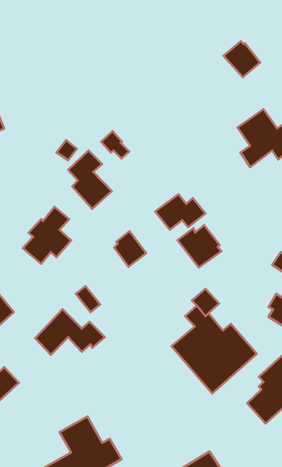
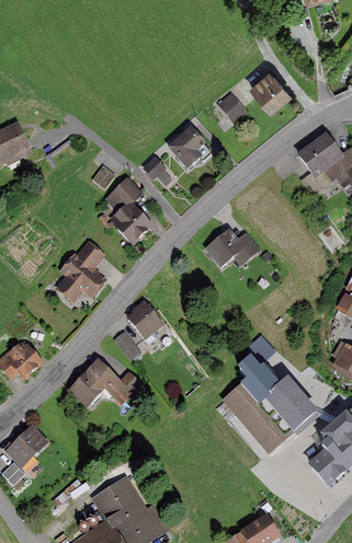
building: [223,41,260,77] -> [250,74,292,115]
building: none -> [218,92,249,124]
building: none -> [170,126,212,167]
building: [177,225,222,268] -> none
building: [114,231,146,267] -> [127,298,163,338]

